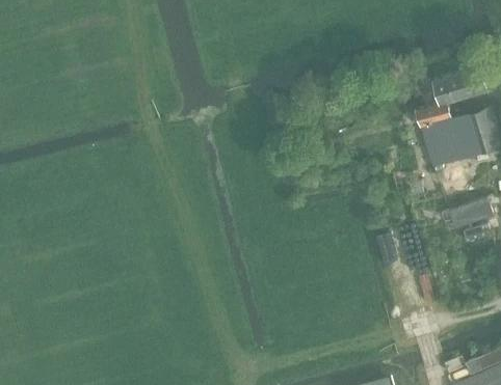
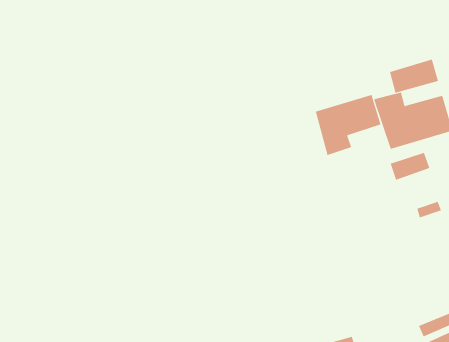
building: none -> [315,94,381,156]
building: [448,199,493,230] -> [390,152,430,180]

